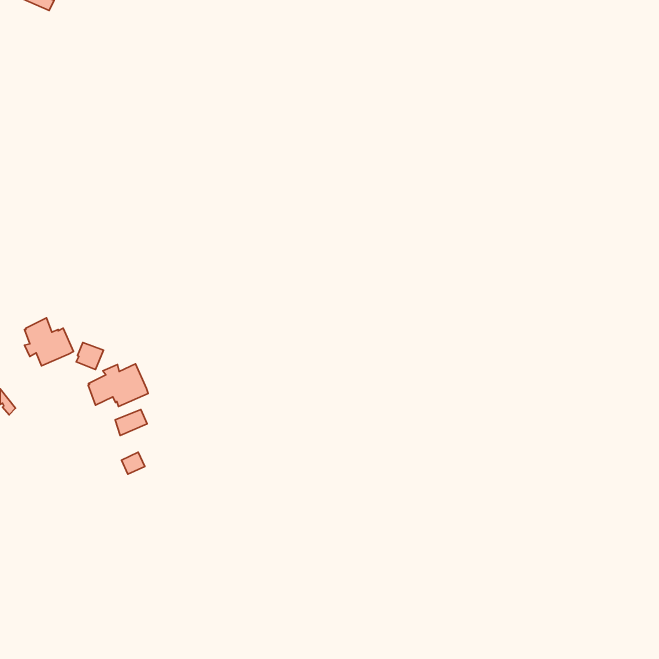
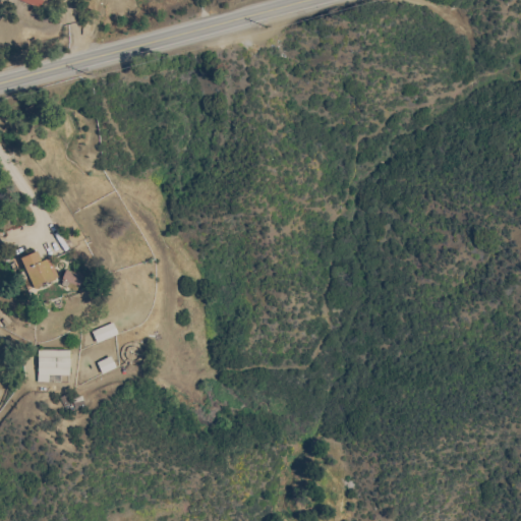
building: [88,364,148,406] -> none
building: none -> [39,349,71,382]

